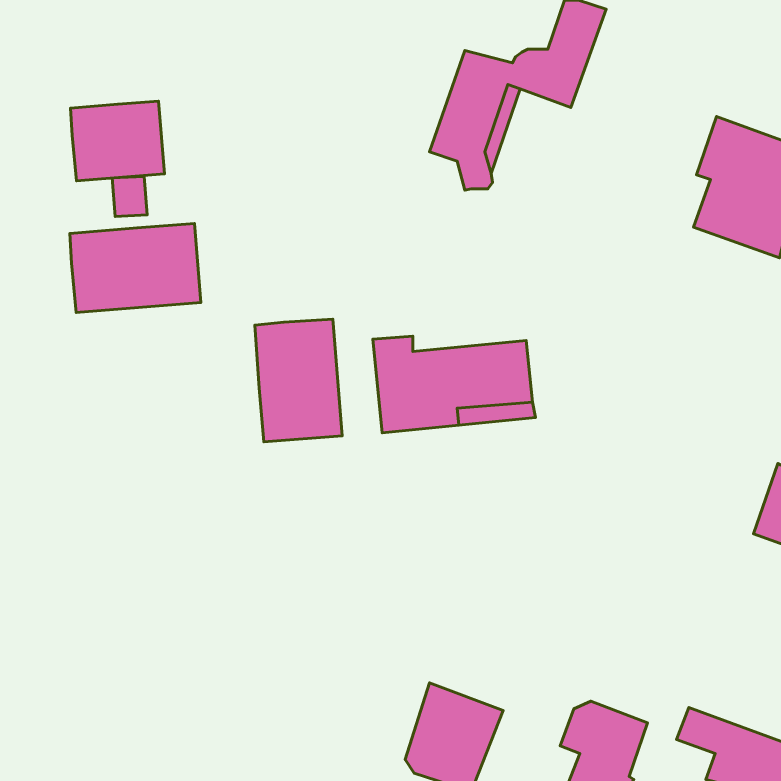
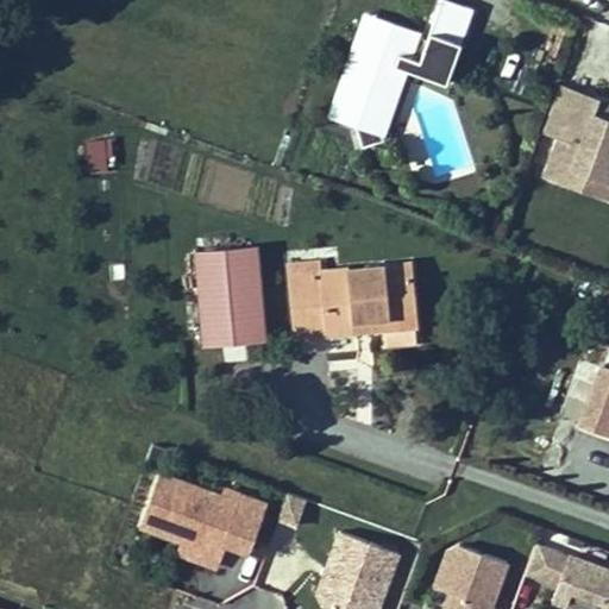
building: none -> [329,15,417,120]
building: [71,101,164,181] -> none
building: [70,223,201,312] -> none
building: none -> [143,477,266,566]

